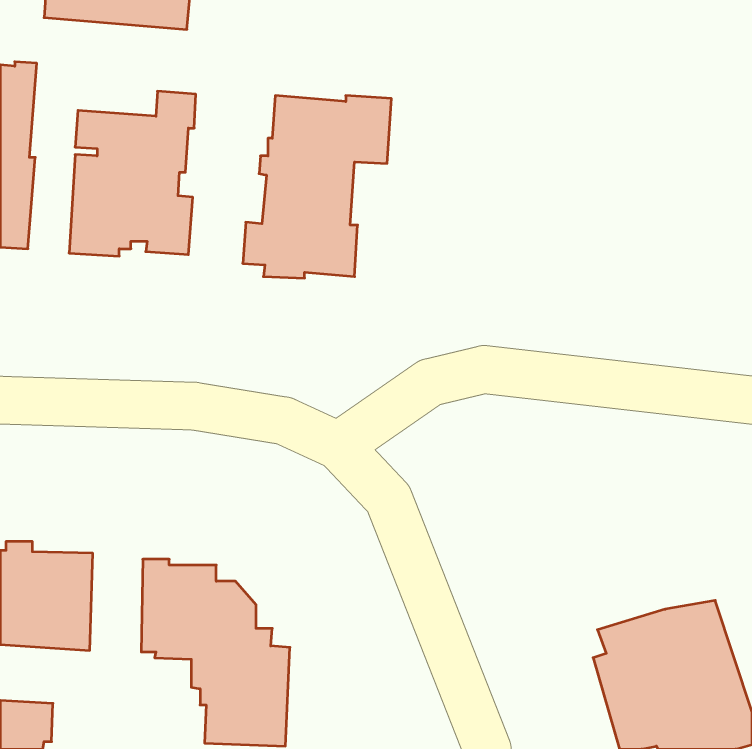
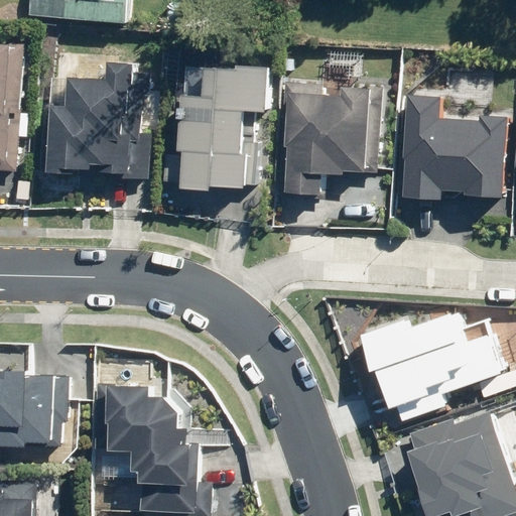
building: none -> [280,87,372,196]
building: none -> [399,95,507,201]
building: none -> [359,311,505,414]

